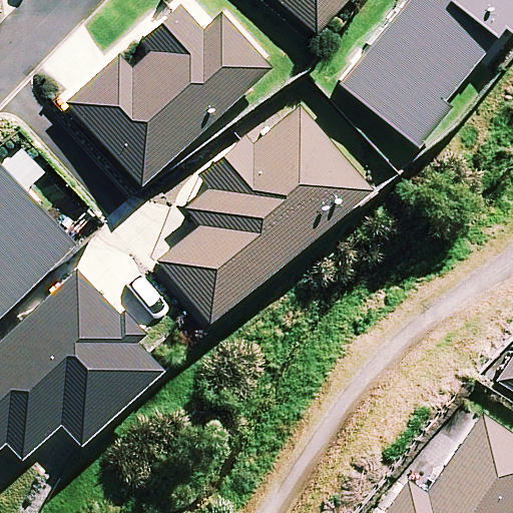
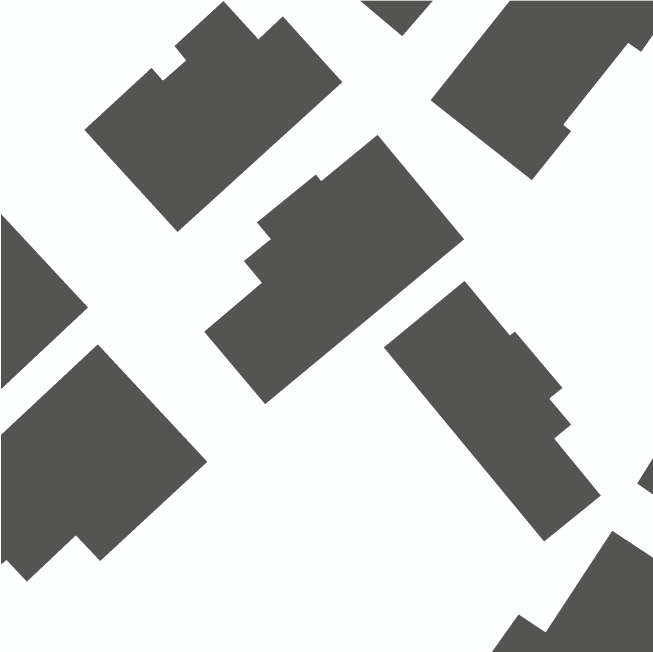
building: none -> [383,280,602,542]

